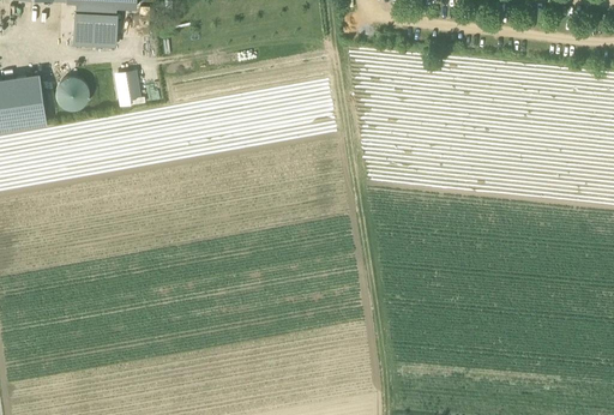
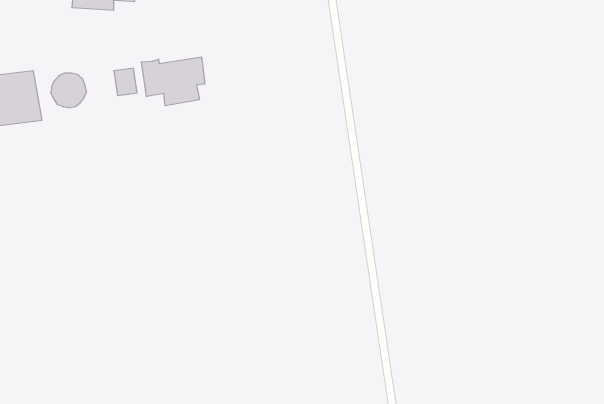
building: [74,13,116,46] -> none
building: none -> [141,57,205,106]

